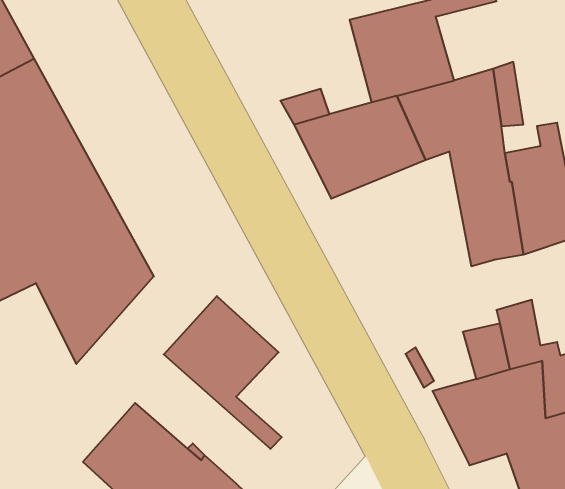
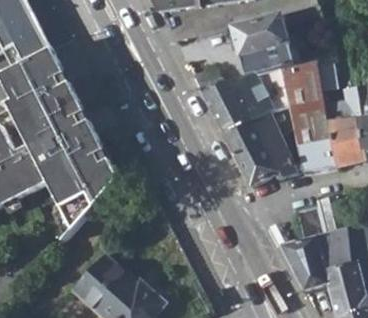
building: none -> [221,104,304,187]
building: [164,296,282,449] -> none

